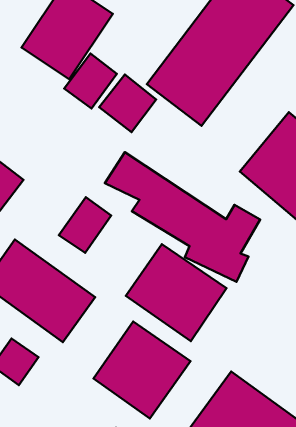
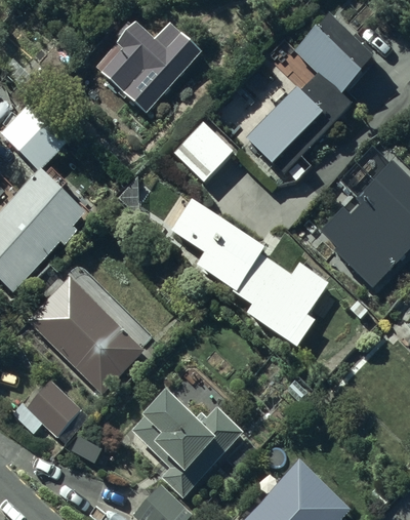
building: [64,54,117,108] -> none
building: [59,197,111,253] -> none
building: [126,244,227,341] -> none

